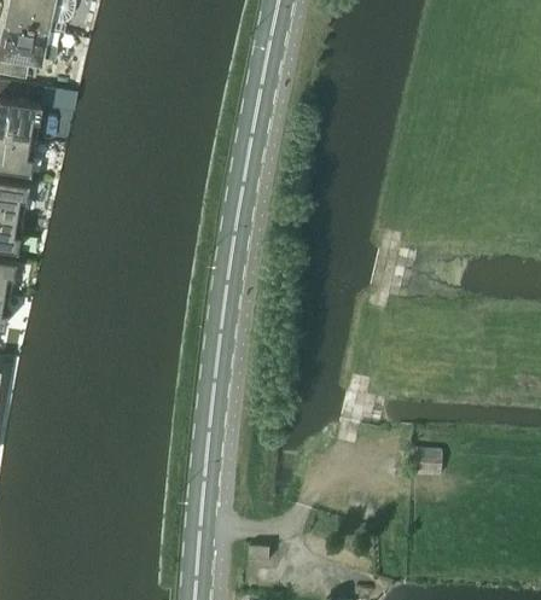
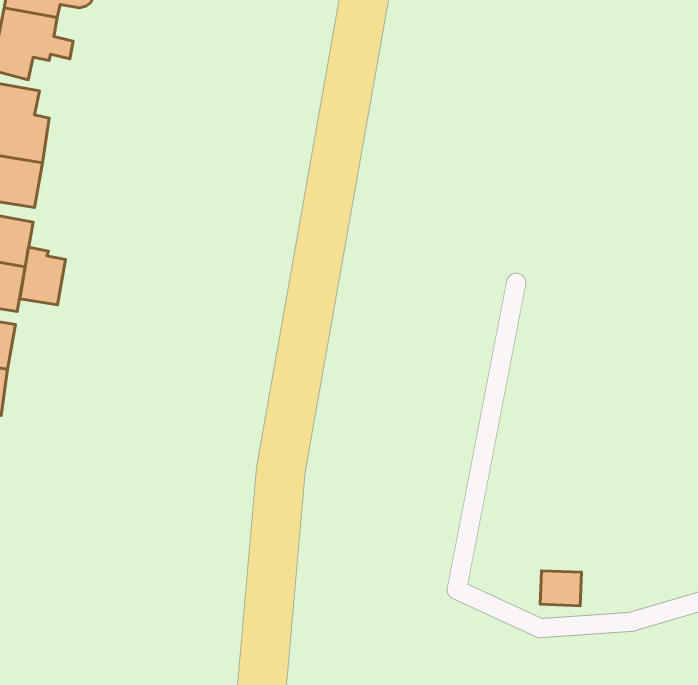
building: none -> [20,247,65,305]

